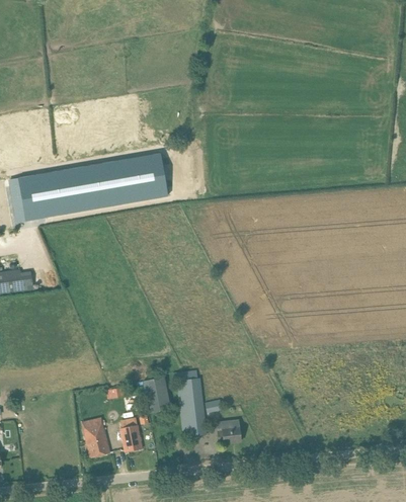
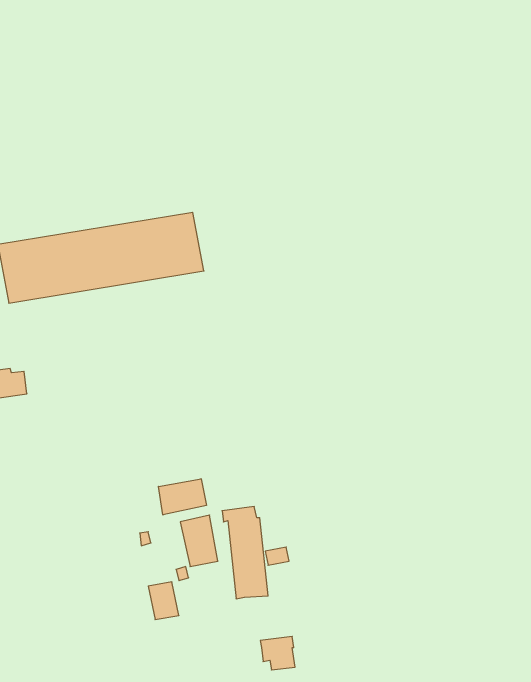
building: none -> [158,479,206,515]
building: [216,417,241,441] -> [260,636,295,670]
building: [83,422,109,455] -> none

